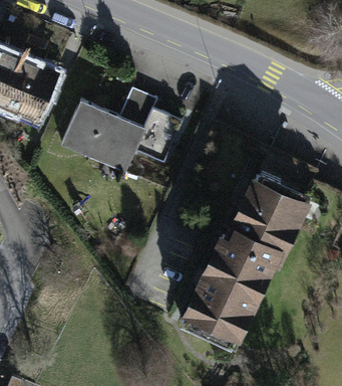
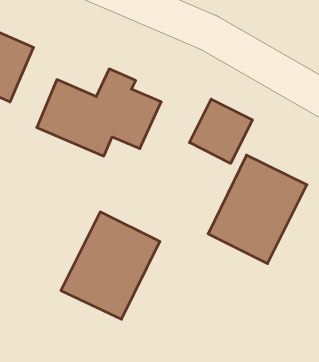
building: none -> [189,99,252,163]
building: [184,245,277,347] -> [61,212,160,319]

